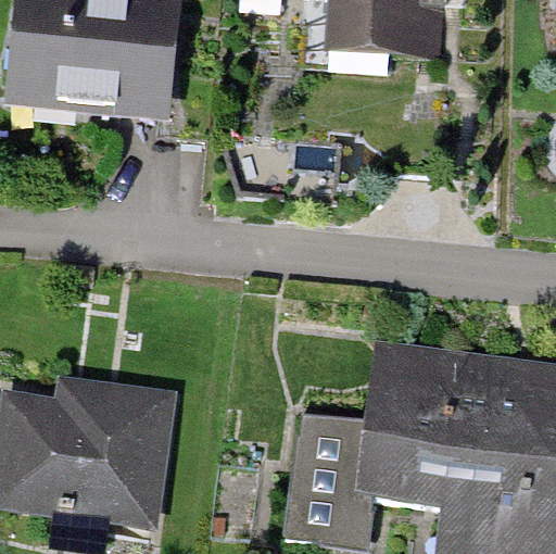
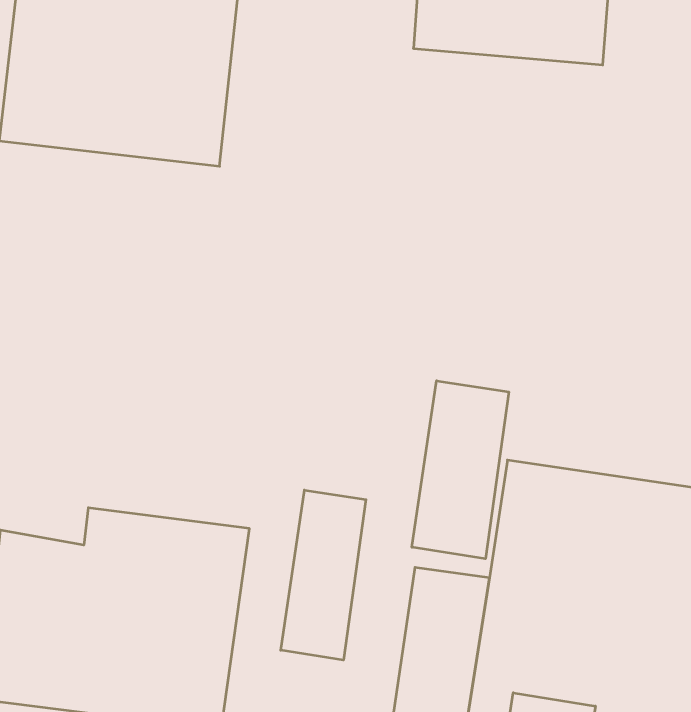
building: none -> [412,381,509,559]
building: none -> [281,490,366,660]

